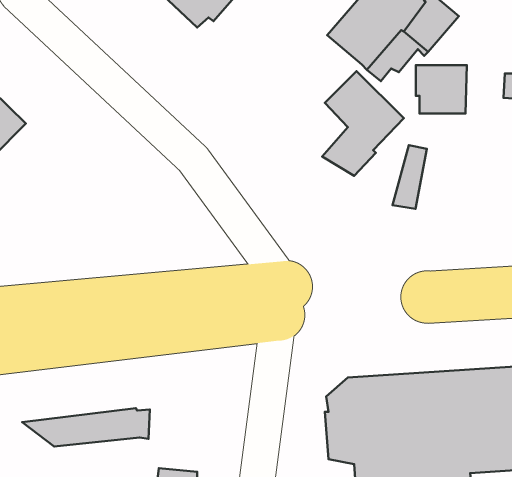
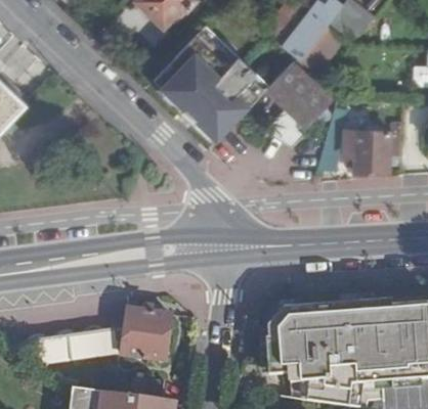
building: none -> [154,36,258,139]
building: [416,65,467,114] -> [351,131,392,170]
building: none -> [126,311,172,359]

